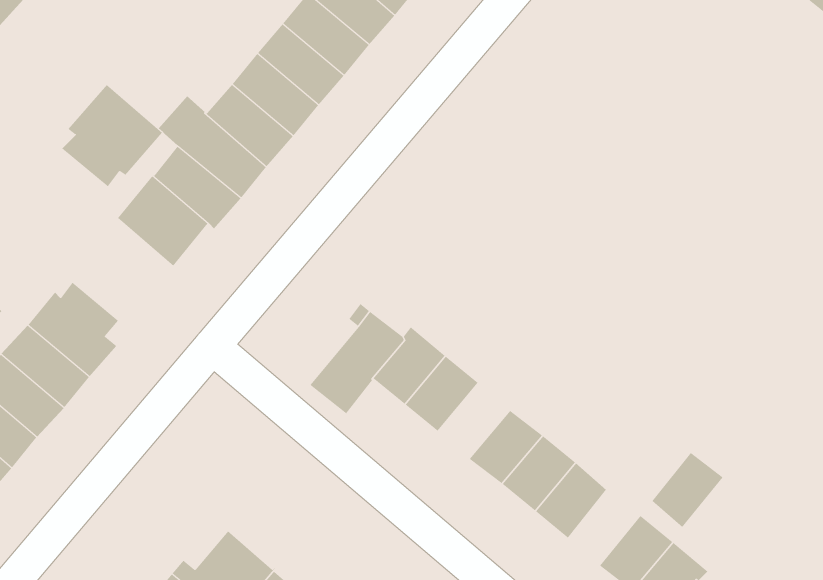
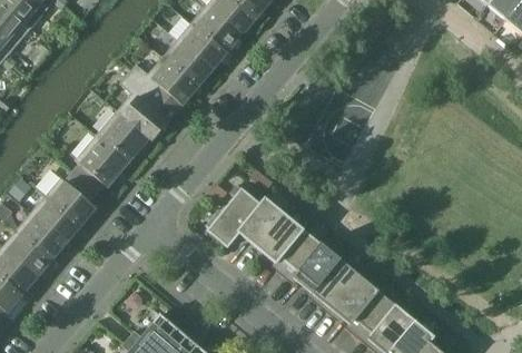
building: [62,84,163,187] -> [71,135,129,194]
building: none -> [280,229,322,273]
building: [652,452,723,528] -> [355,291,396,334]

